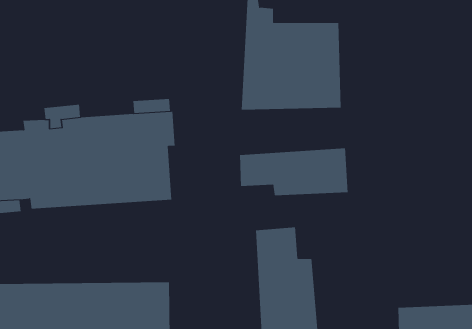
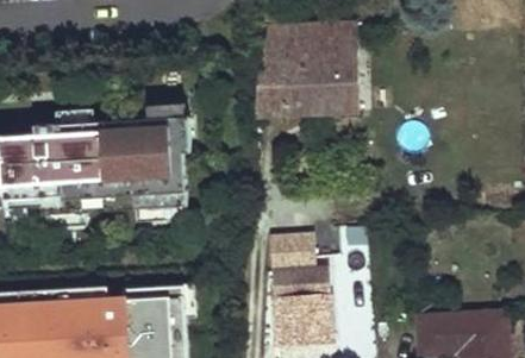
building: [239,148,348,196] -> none

